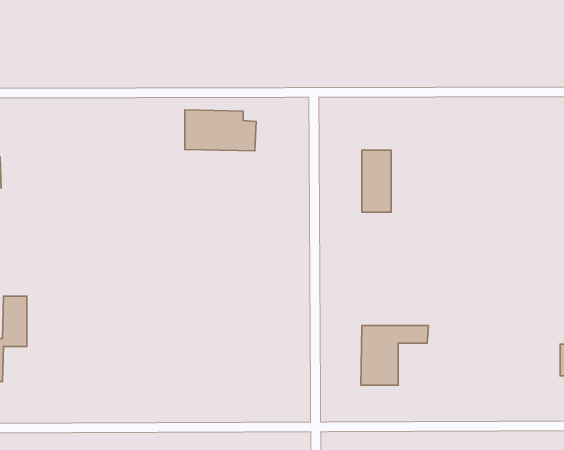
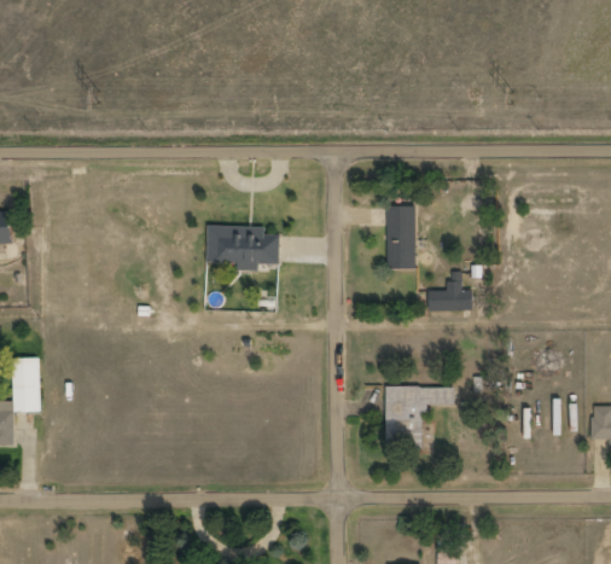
building: [185,110,256,151] -> [206,225,280,267]
building: none -> [427,274,471,310]

